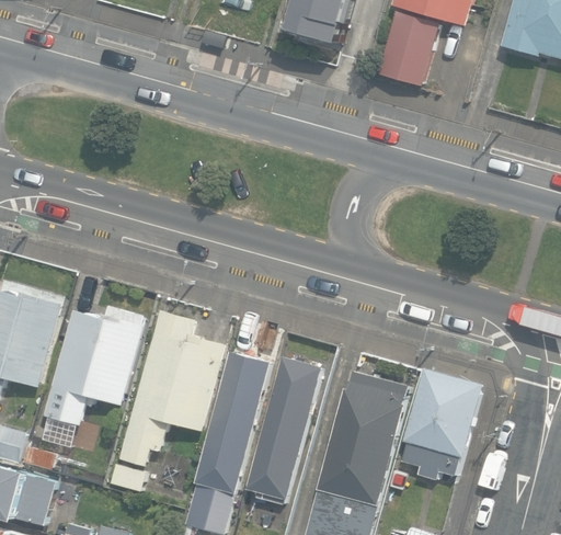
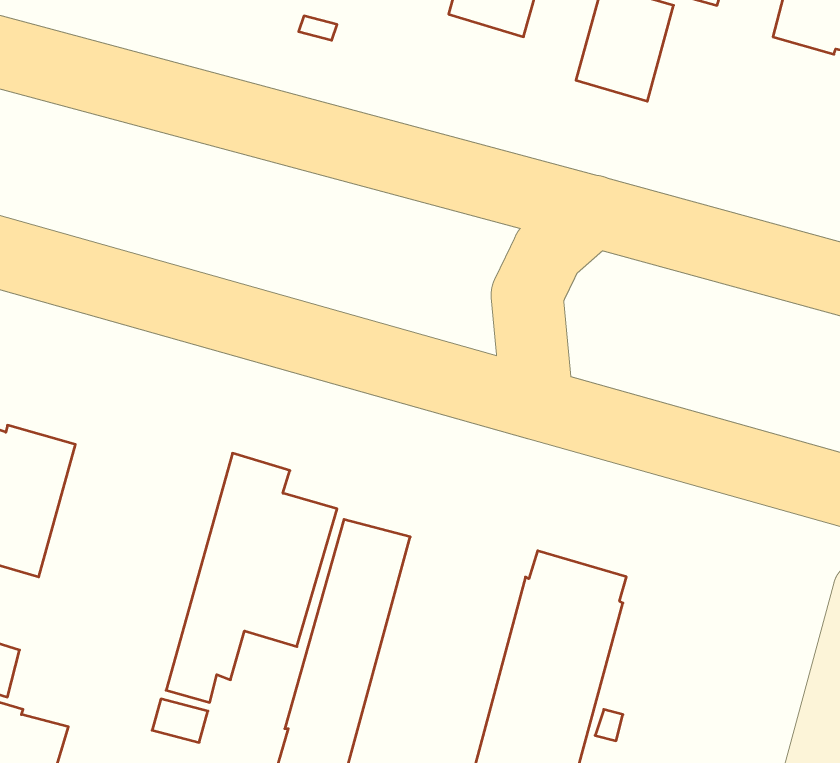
building: [43,305,144,428] -> none
building: [245,356,322,499] -> none
building: [401,367,483,479] -> none

